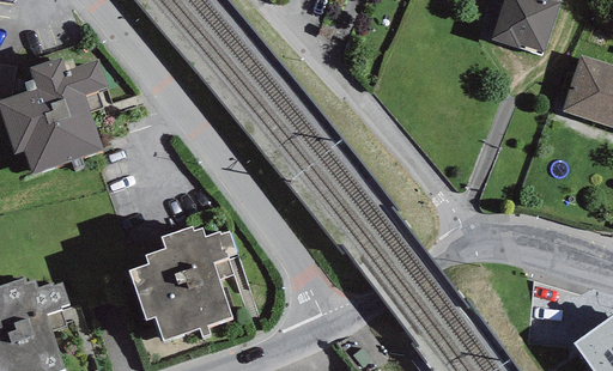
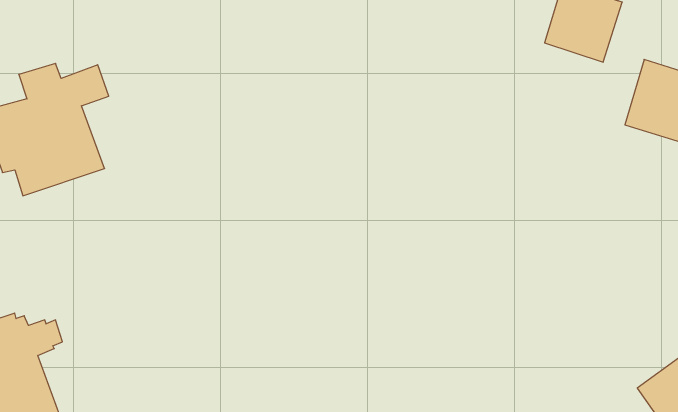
building: [127,226,235,341] -> none

